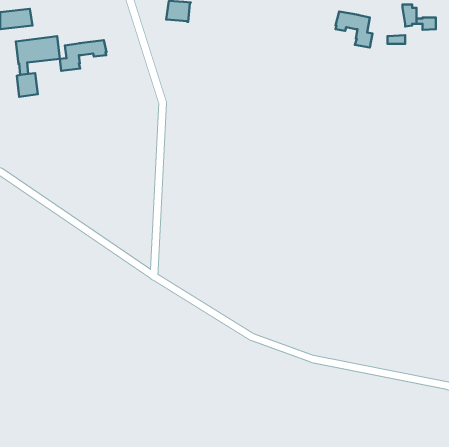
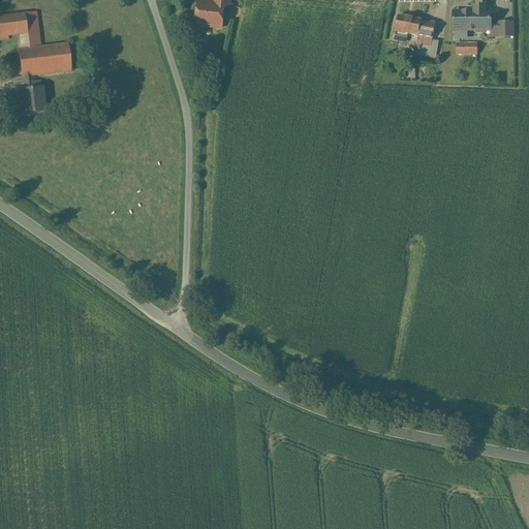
building: none -> [454,9,476,37]
building: [60,40,107,71] -> none

